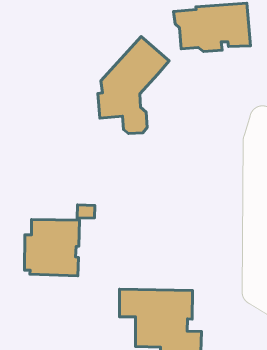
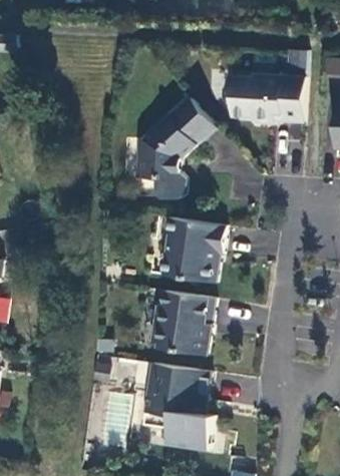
building: none -> [162,217,227,283]
building: [25,220,79,276] -> [150,291,215,356]

